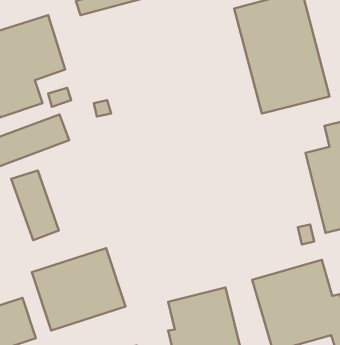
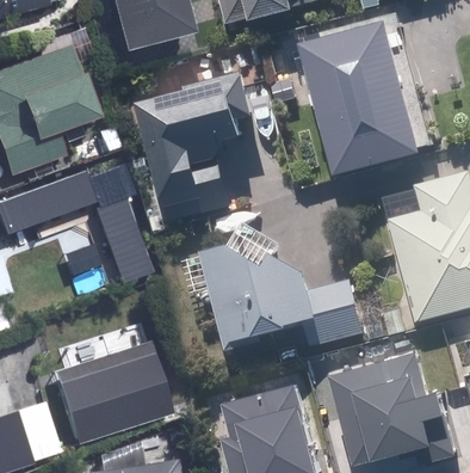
building: none -> [140,68,254,220]
building: [11,170,59,240] -> [97,198,156,285]
building: none -> [206,244,365,345]

